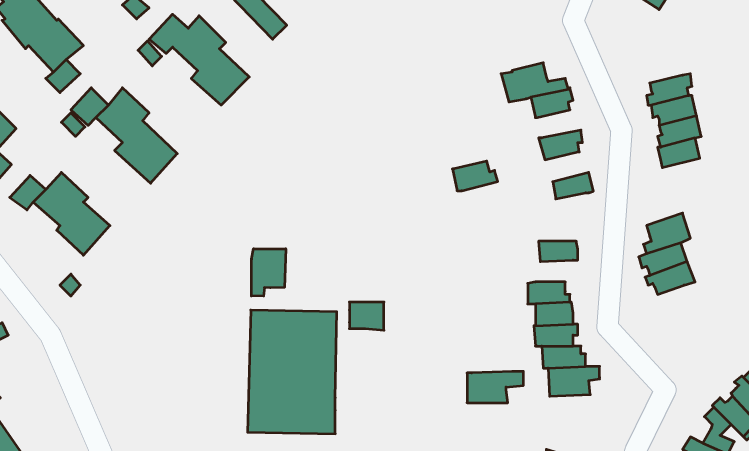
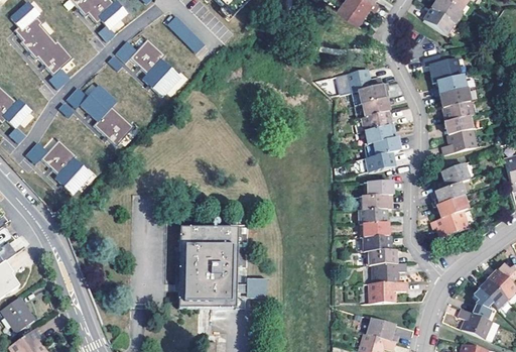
building: none -> [422,53,459,83]
building: none -> [365,97,396,116]
building: none -> [440,129,475,155]
building: [452,161,498,191] -> [369,125,398,144]
building: none -> [371,151,402,170]
building: [251,249,286,296] -> none
building: none -> [363,195,393,209]
building: none -> [428,211,466,237]
building: [349,302,384,330] -> [246,278,268,297]
building: [467,371,523,403] -> [370,281,406,302]

